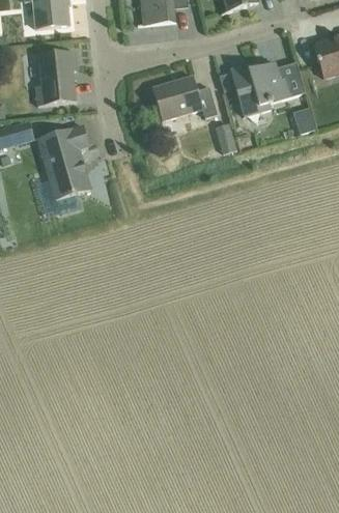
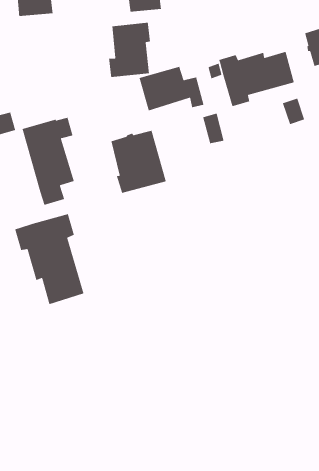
building: [35,50,77,105] -> [108,22,151,78]
building: none -> [111,130,167,194]
building: none -> [14,213,85,305]

